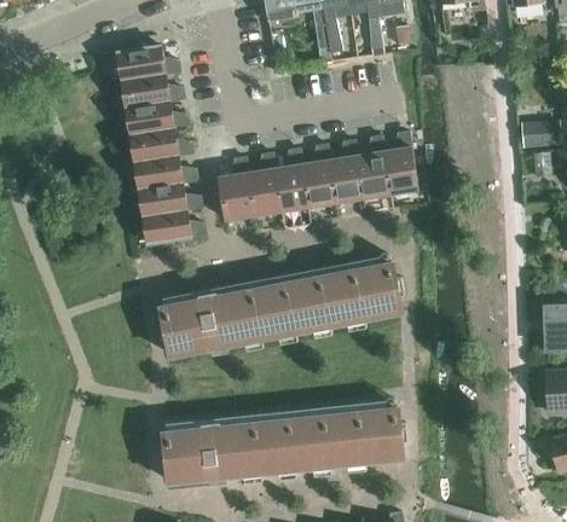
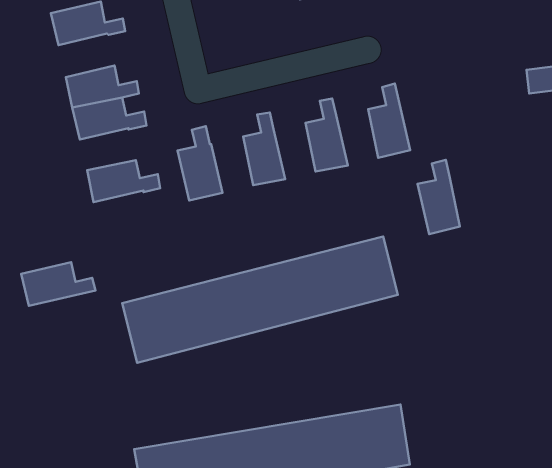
building: [121,74,184,109] -> none
building: [355,137,389,199] -> [418,160,460,234]
building: [301,145,335,208] -> none
building: [247,153,280,216] -> none
building: [134,156,197,190] -> none
building: [143,210,206,245] -> [21,262,96,306]

